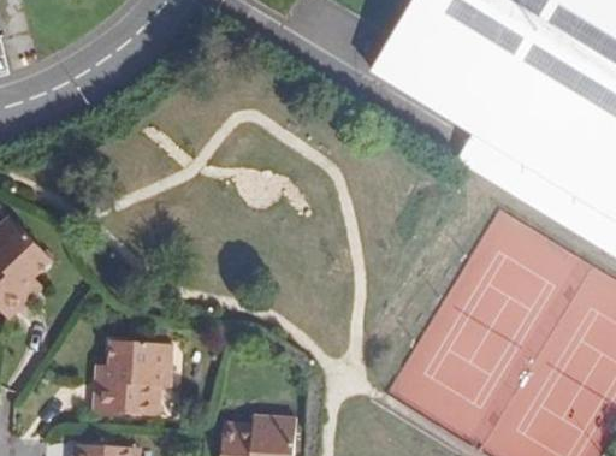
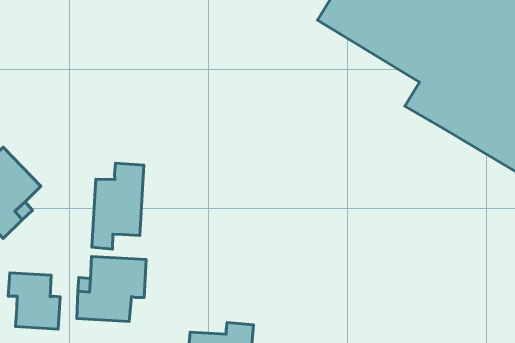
building: none -> [92,163,144,249]
building: none -> [8,273,60,329]

